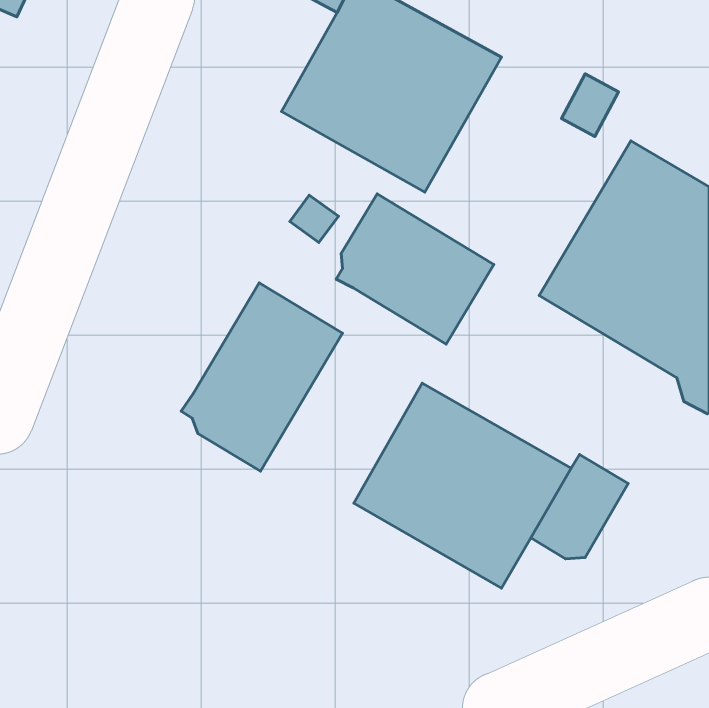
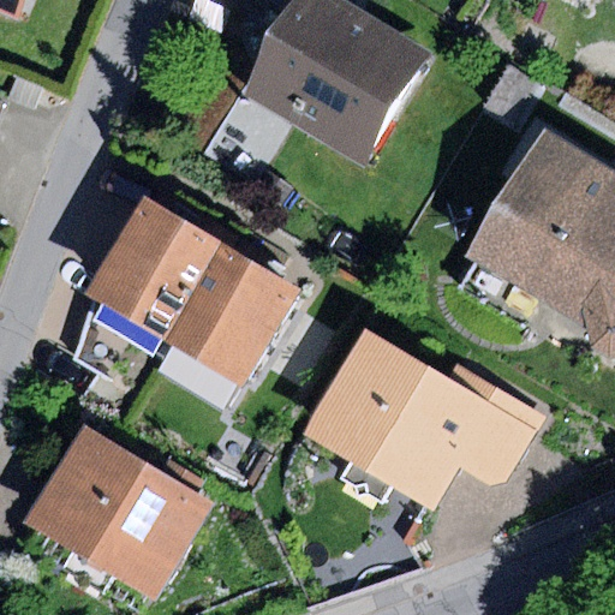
building: [336,194,494,344] -> none
building: none -> [88,196,223,339]
building: none -> [26,425,211,596]

